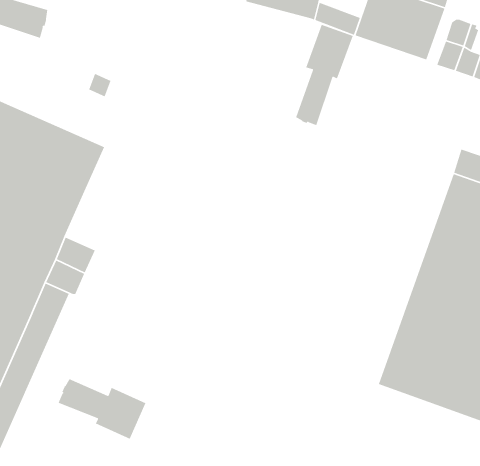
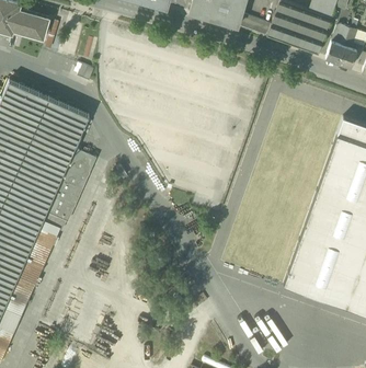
building: [295,24,354,126] -> none
building: none -> [60,149,96,191]
building: [58,378,147,440] -> none

